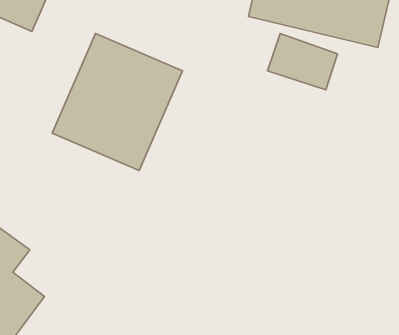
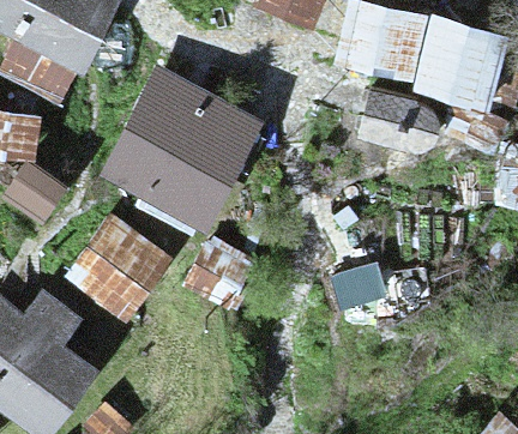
building: none -> [65,223,165,326]

